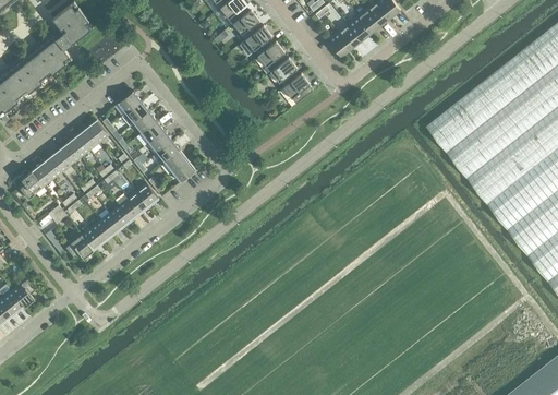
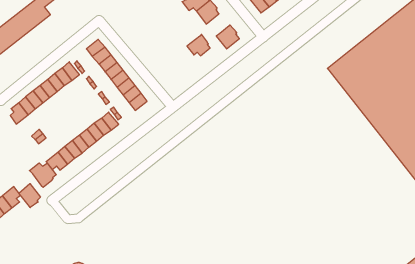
building: [271,56,301,83] -> [187,34,210,56]
building: none -> [29,163,56,187]
building: none -> [19,184,40,208]

